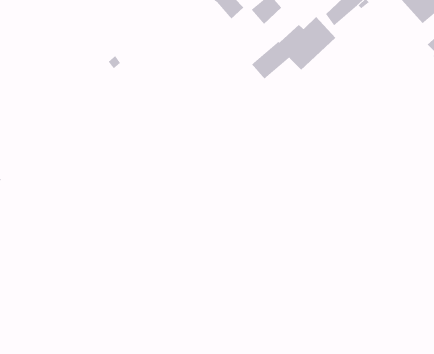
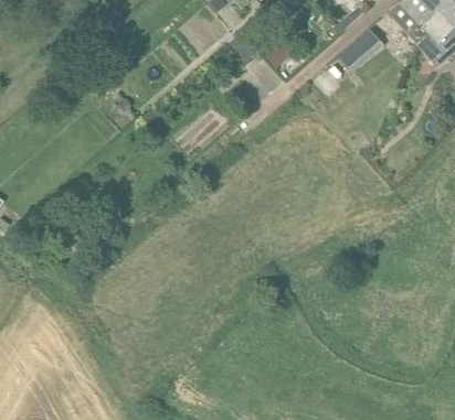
building: [251,16,336,80] -> none

